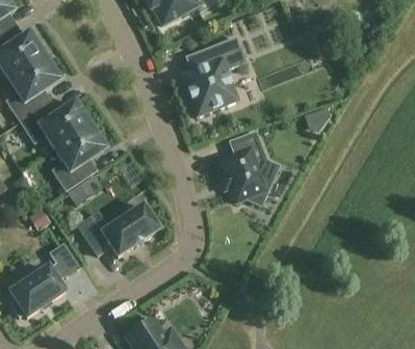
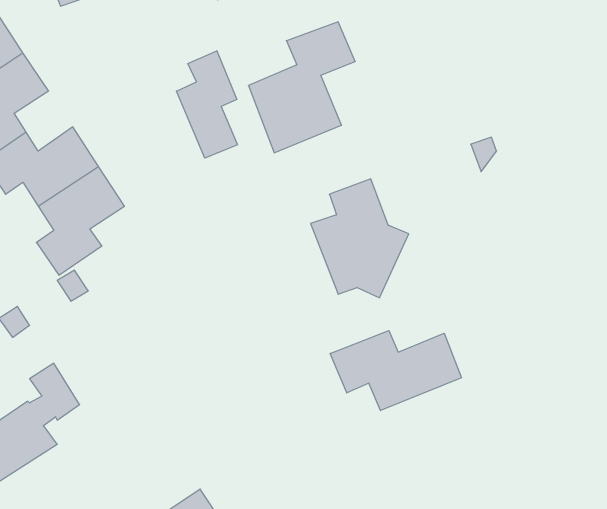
building: none -> [176,51,237,158]
building: [79,193,160,256] -> none
building: none -> [330,331,461,411]

